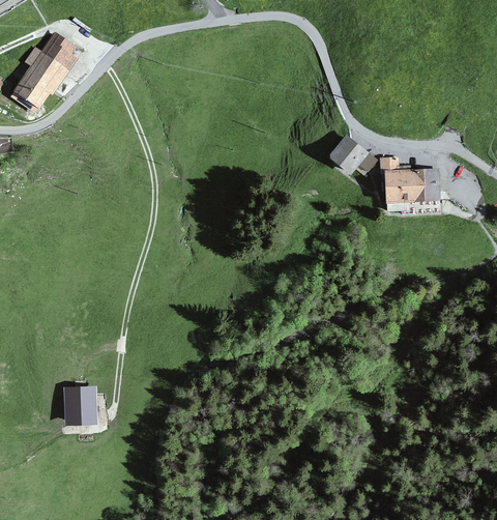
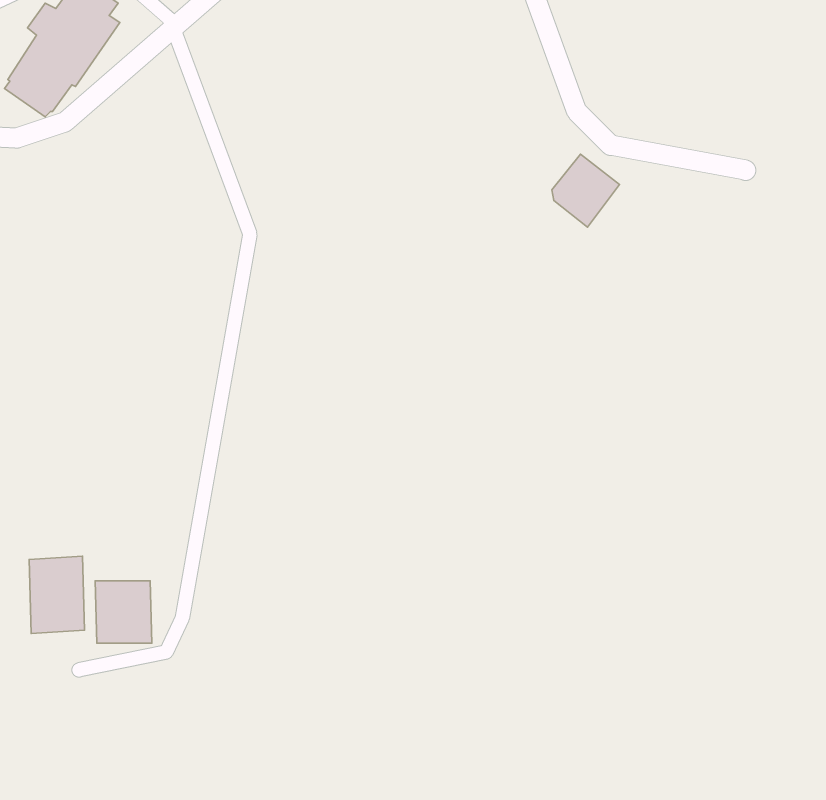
building: [377,157,437,201] -> none
building: none -> [29,556,85,634]

